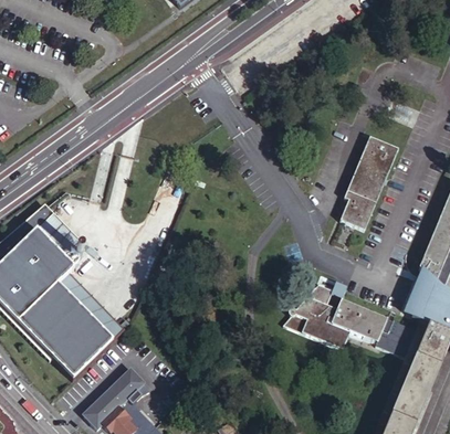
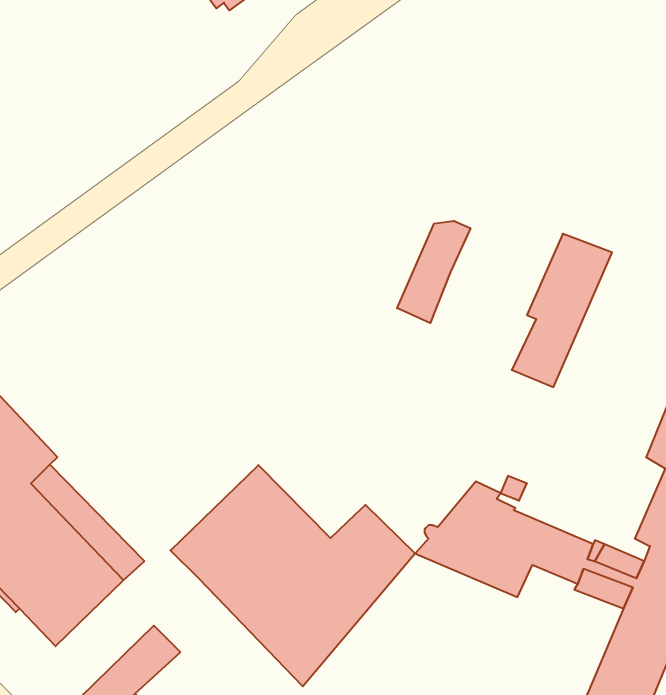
building: none -> [397,221,470,323]
building: none -> [170,465,415,686]

